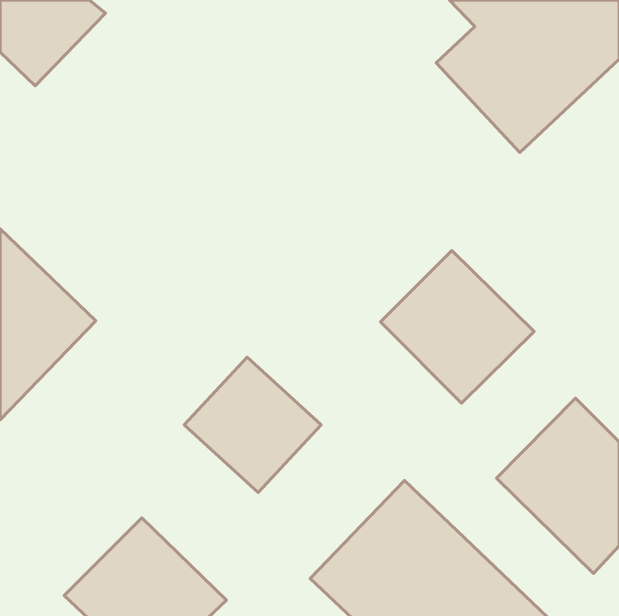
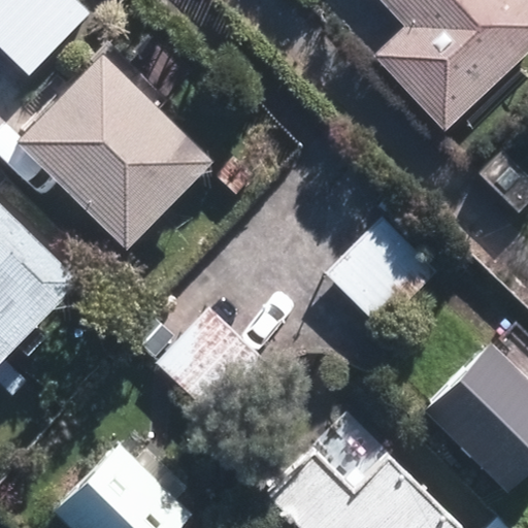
building: none -> [19,53,214,245]

